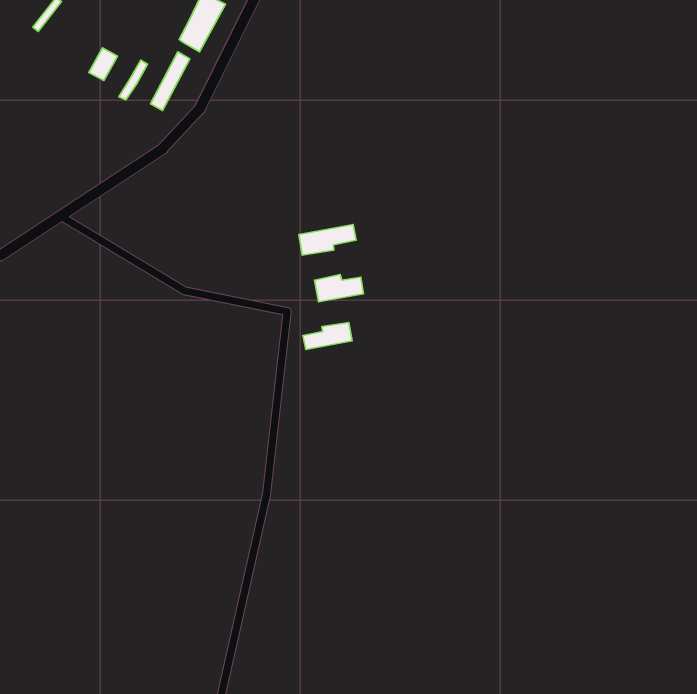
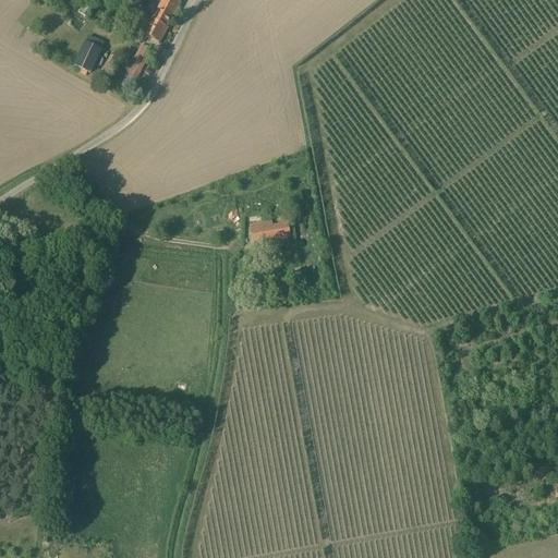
building: [299,225,356,255] -> none
building: [303,322,352,349] -> none

